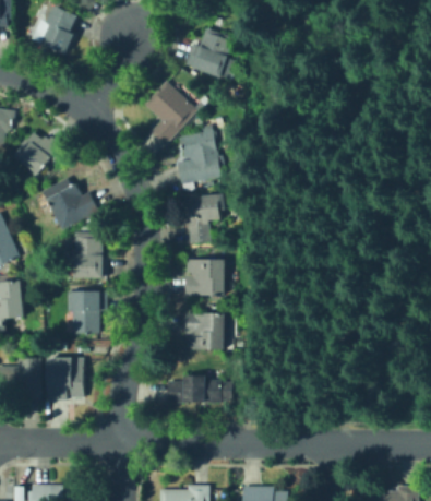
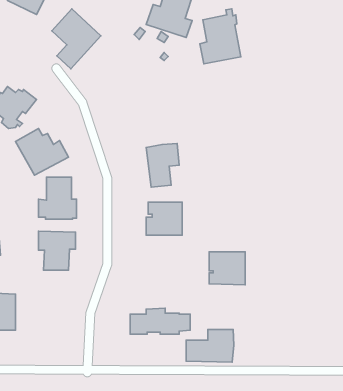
building: [144,80,197,145] -> [52,9,101,69]
building: [177,123,222,183] -> [200,9,241,64]
building: [185,313,225,349] -> [209,252,245,285]
building: [48,357,84,401] -> none
building: none -> [186,329,234,362]

